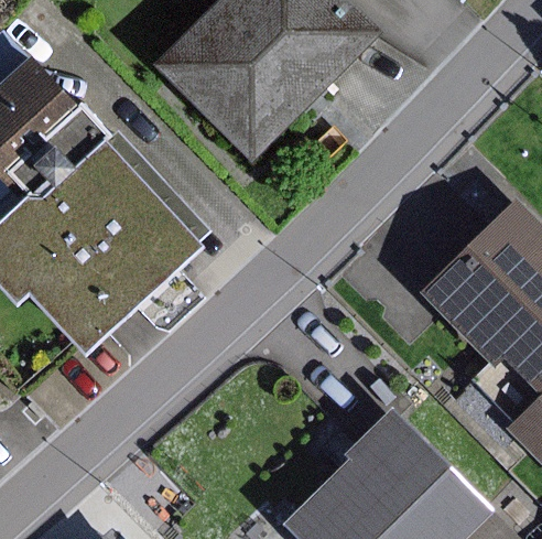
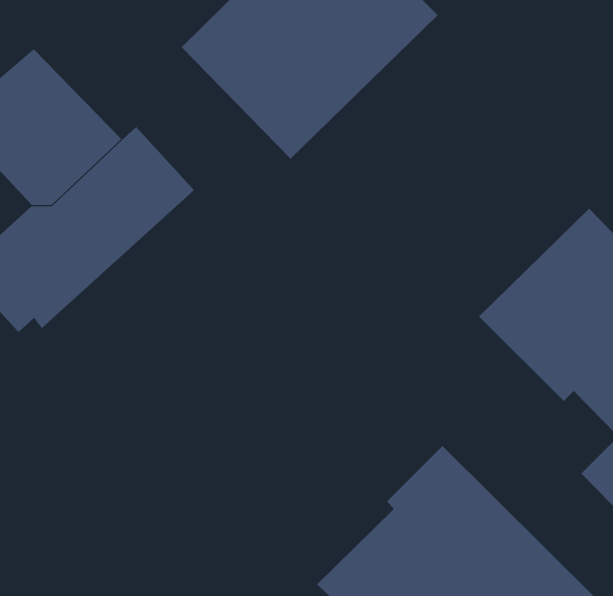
building: [39,185,214,358] -> none

